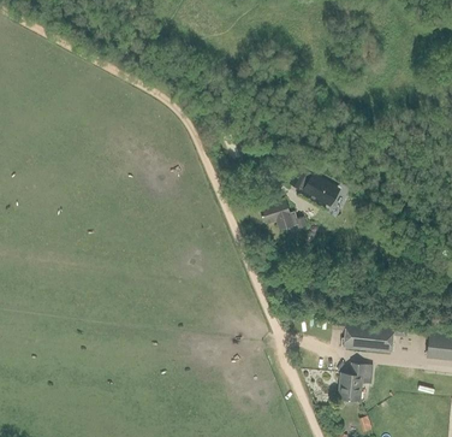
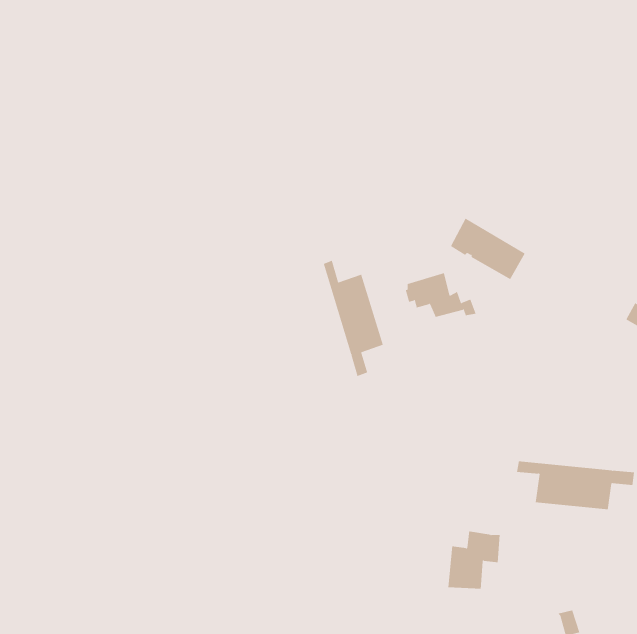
building: none -> [323,260,383,377]
building: [338,362,371,400] -> [448,531,500,589]

